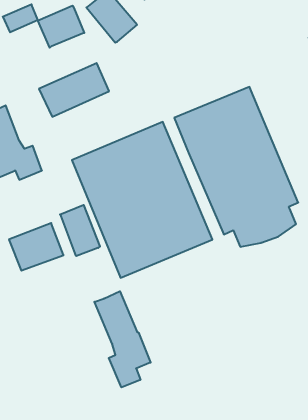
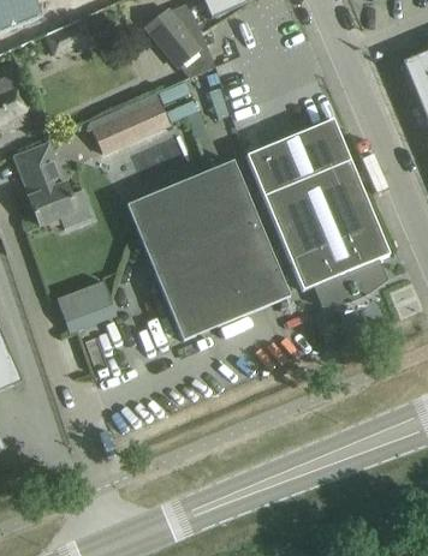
building: [38,6,84,48] -> none
building: [60,205,100,256] -> none
building: [94,291,151,387] -> none

